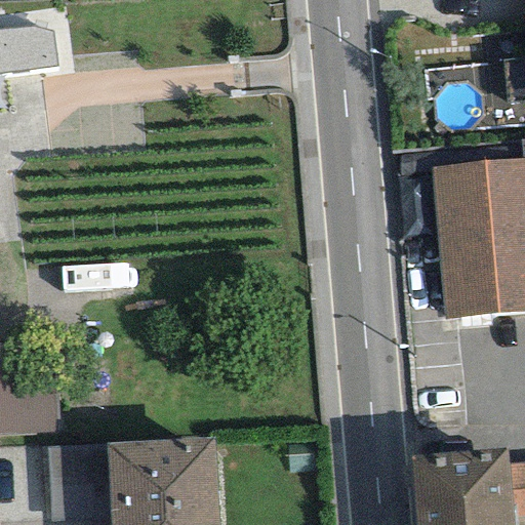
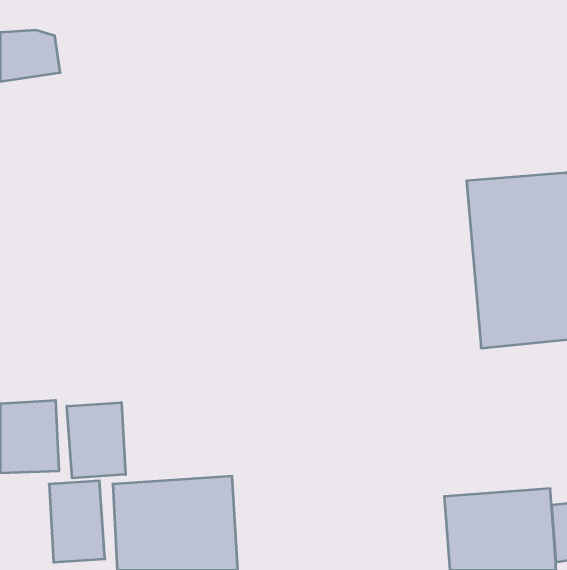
building: none -> [67,402,126,478]

